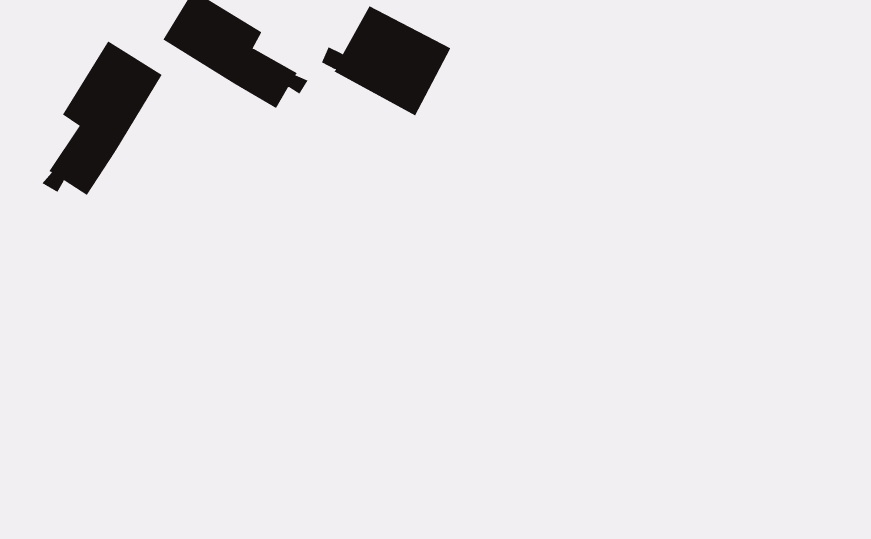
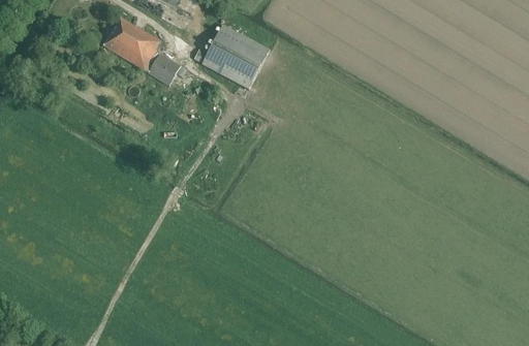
building: [42,40,162,196] -> none

